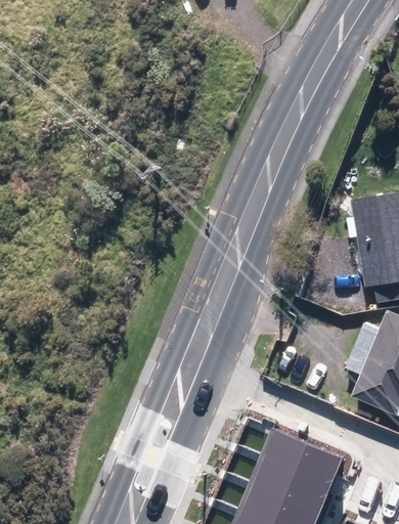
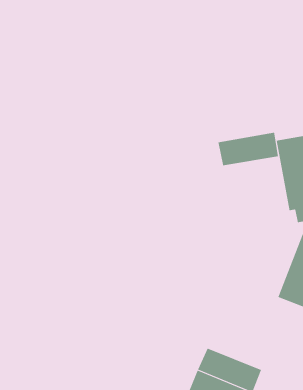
building: none -> [218,132,278,166]
building: [264,434,344,487] -> none

